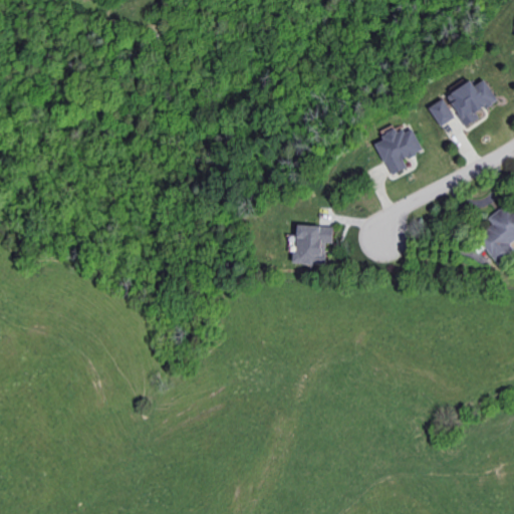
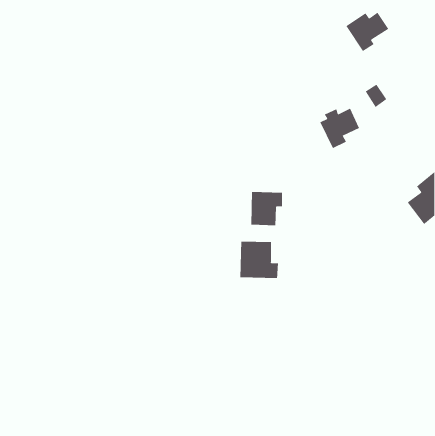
building: [446,79,497,126] -> [345,12,389,52]
building: none -> [240,241,278,279]

